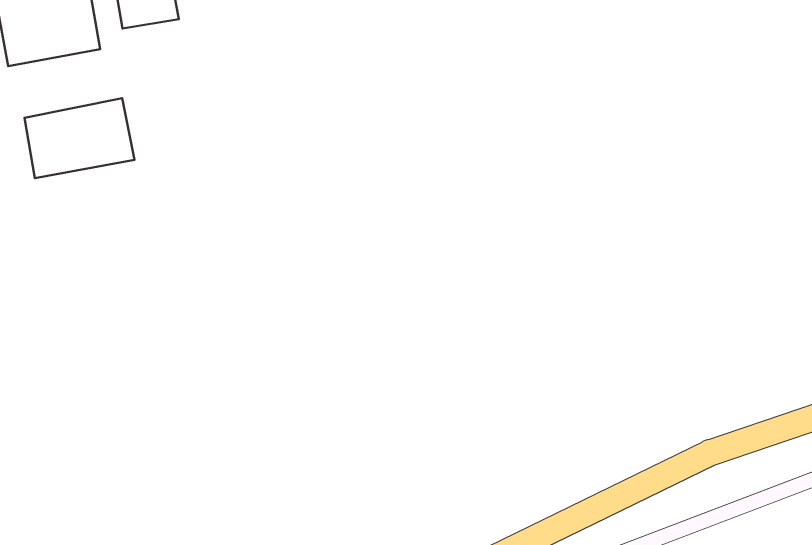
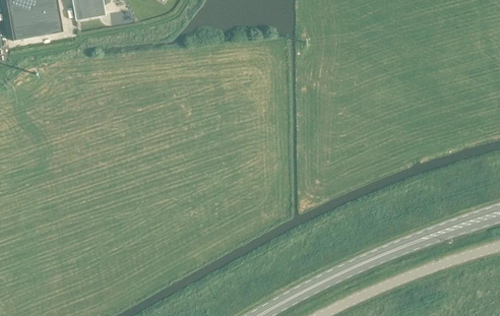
building: [25,98,135,178] -> none

